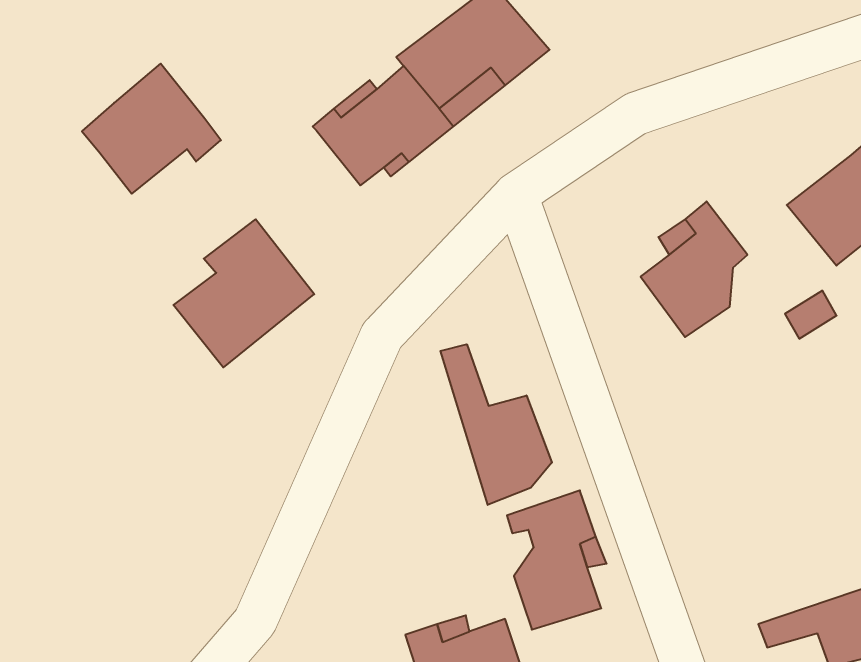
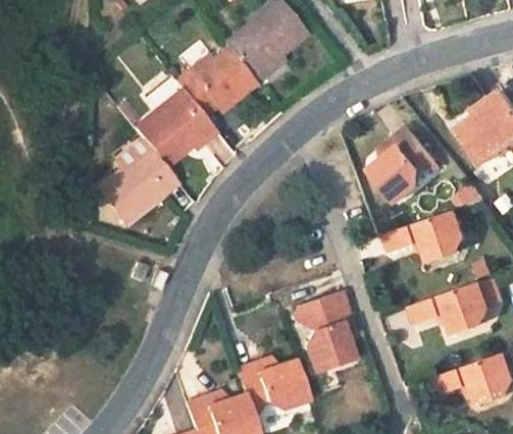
building: [82,64,221,194] -> [140,89,219,163]
building: none -> [388,207,469,258]
building: [440,344,552,505] -> none
building: none -> [410,276,489,325]

